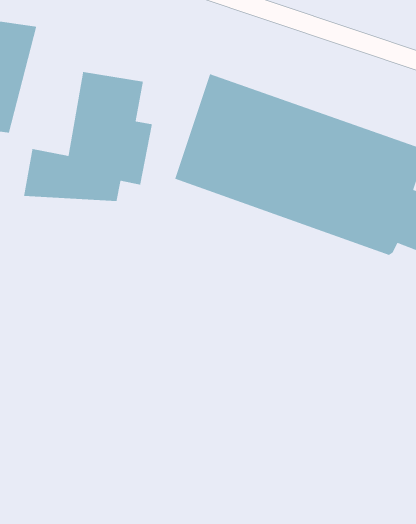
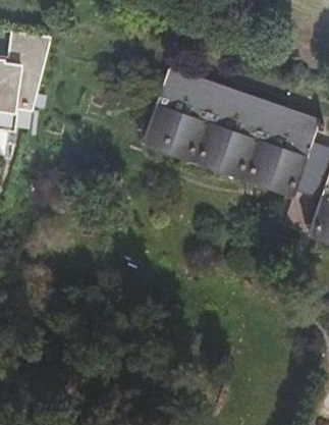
building: [23,71,153,202] -> none

